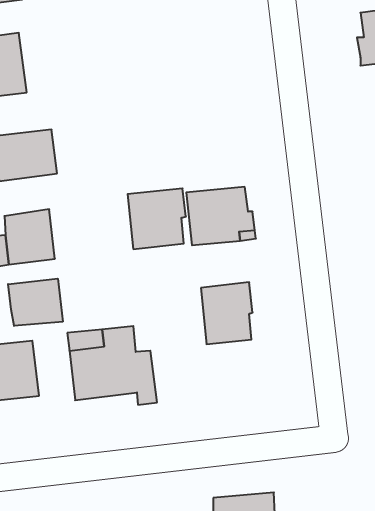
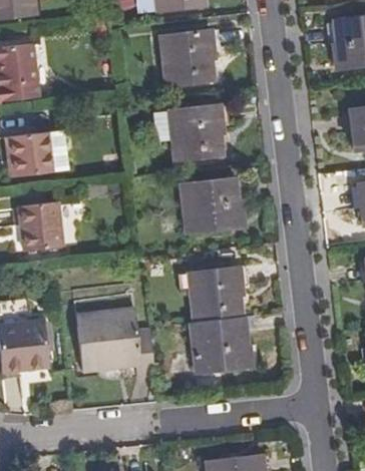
building: none -> [161,33,214,85]
building: [128,188,186,249] -> [170,106,223,160]
building: [8,279,63,326] -> none
building: none -> [194,316,248,371]

